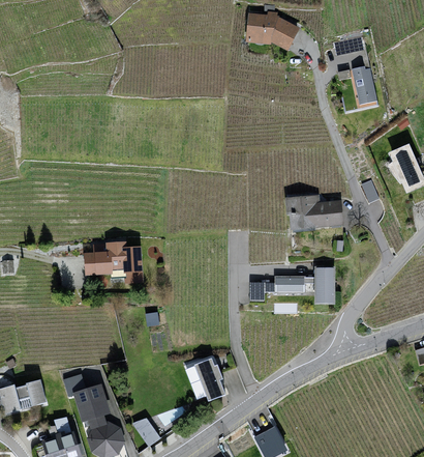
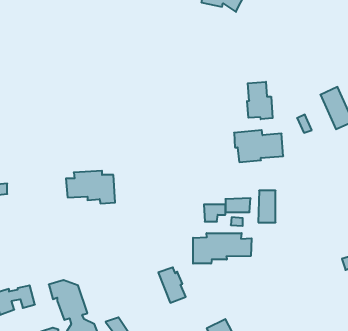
building: [352,66,377,107] -> none
building: none -> [247,82,273,119]
building: none -> [193,233,252,264]

